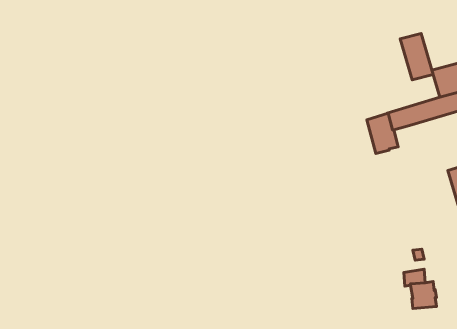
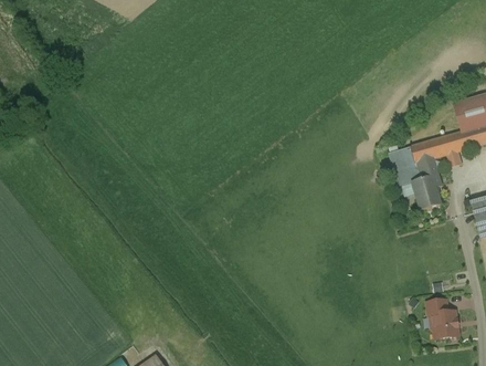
building: [400,34,433,80] -> none
building: none -> [412,157,441,209]

